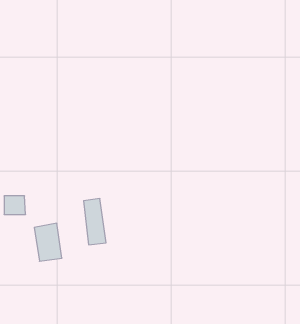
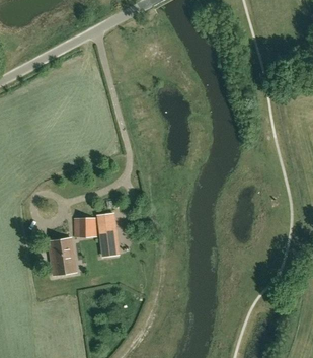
building: [4,196,26,214] -> [75,217,96,235]

